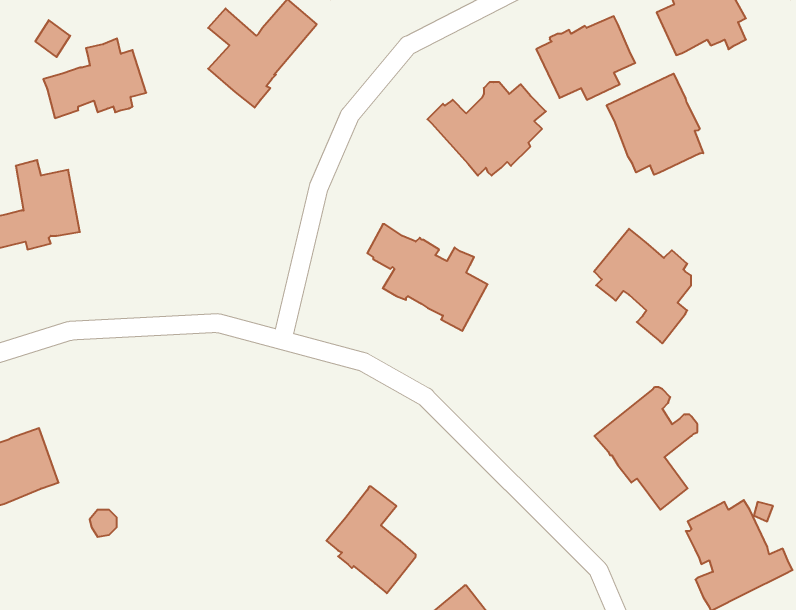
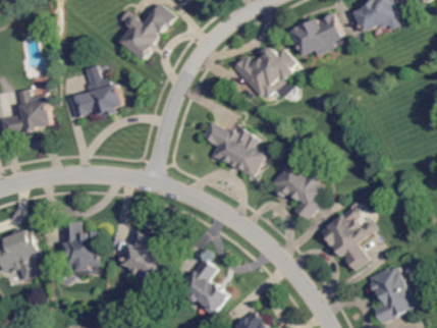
building: [43,38,146,118] -> [68,77,122,119]
building: [607,74,703,175] -> none
building: [594,229,691,343] -> [272,159,323,219]
building: none -> [62,221,99,271]
building: none -> [120,230,169,283]

